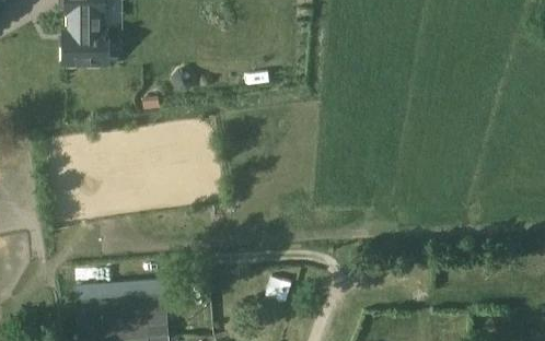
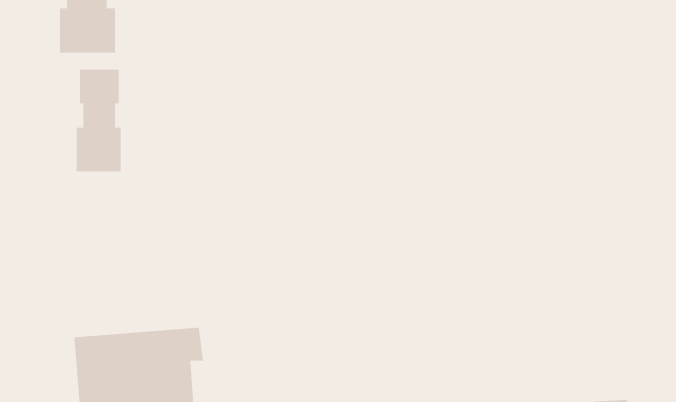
building: none -> [76,69,121,172]

